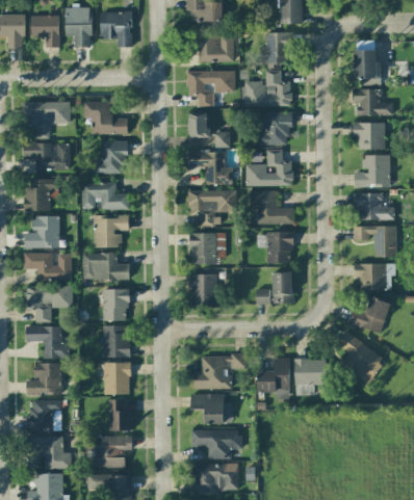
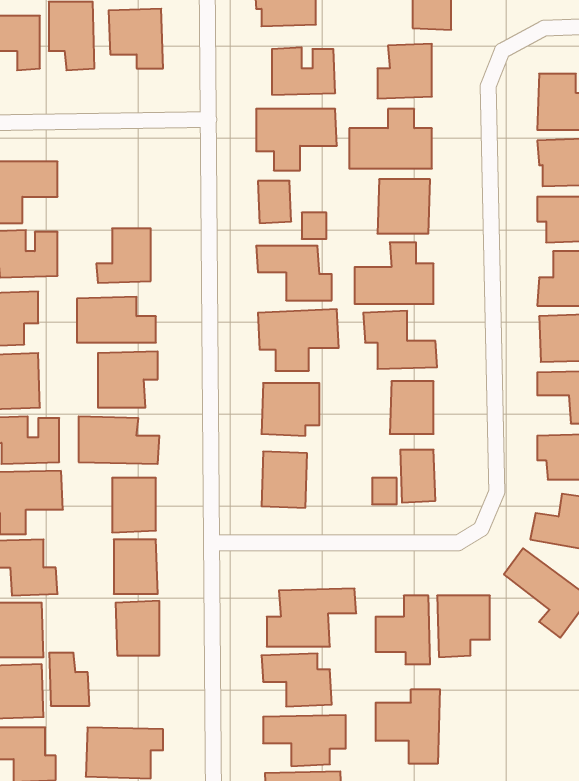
building: [83,101,128,134] -> none
building: [108,399,132,430] -> [49,653,89,706]
building: none -> [376,689,440,764]

